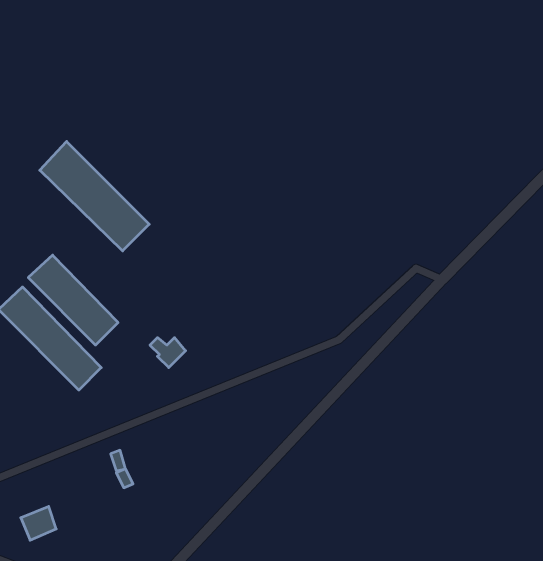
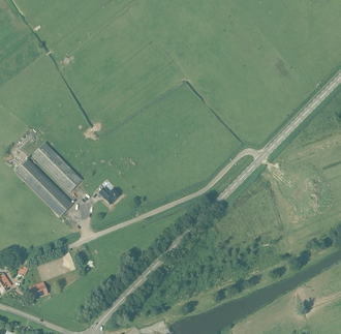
building: [40,141,149,251] -> none

